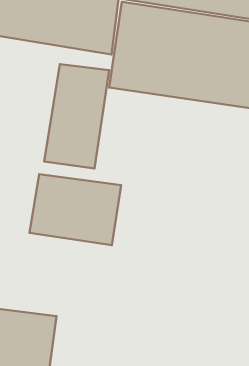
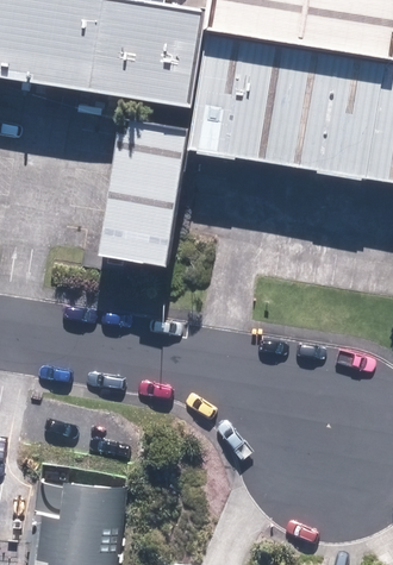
building: [29,174,121,245] -> none

